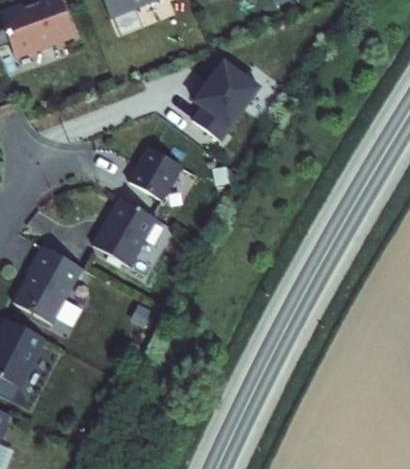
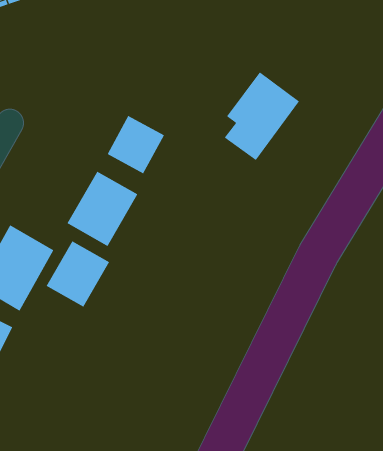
building: [193,60,261,140] -> [224,72,300,161]
building: none -> [46,240,110,308]

